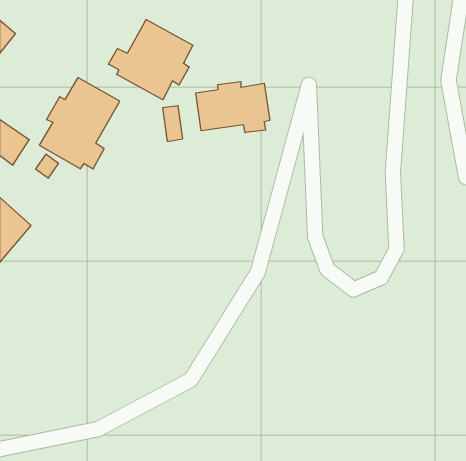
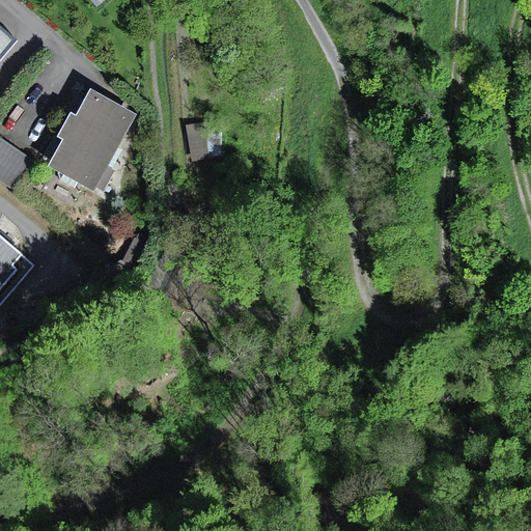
building: [108,19,193,100] -> none
building: [196,82,270,133] -> none

